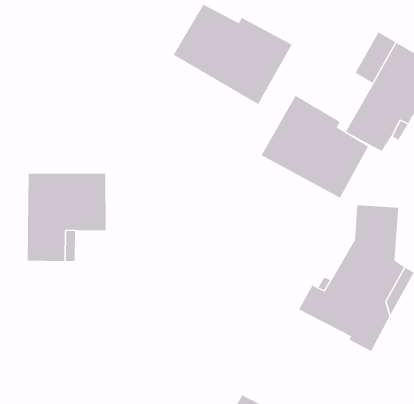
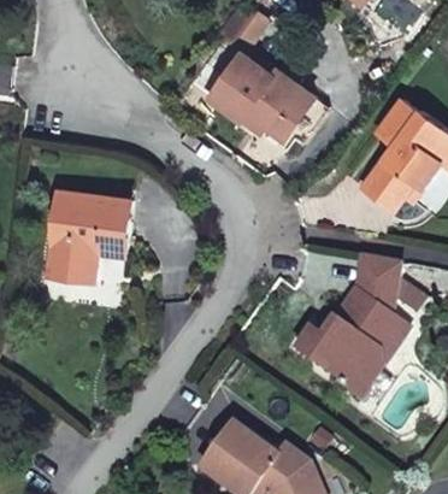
building: [261,95,369,198] -> none

